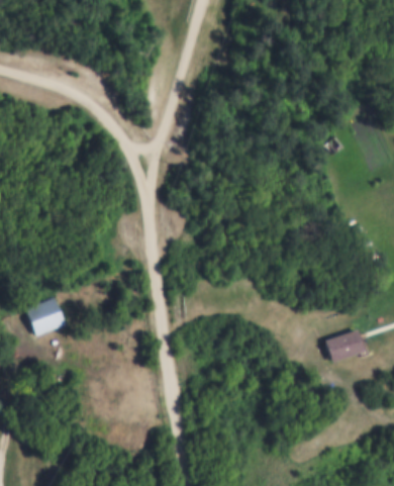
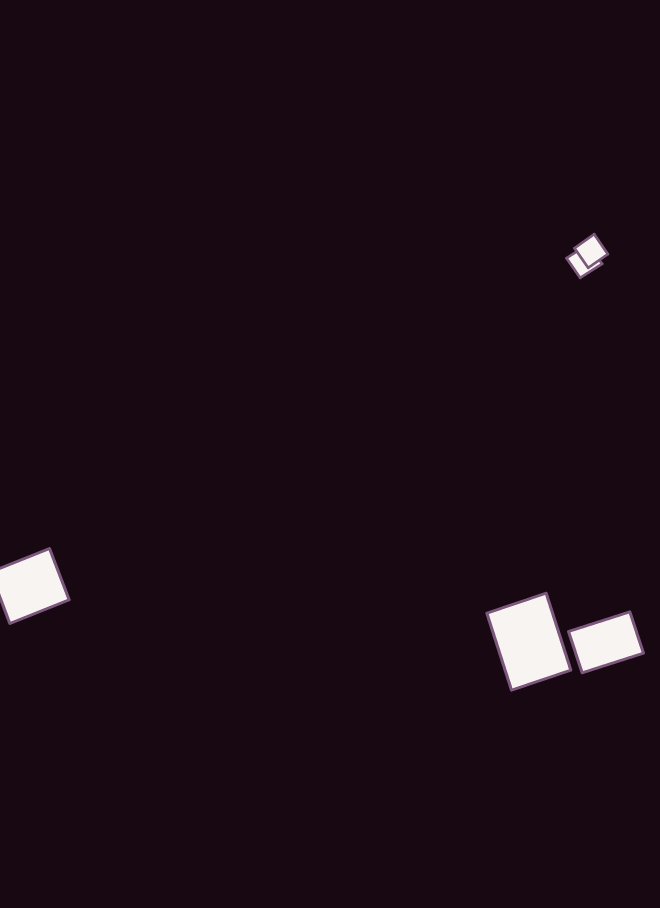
building: none -> [487,593,571,690]

